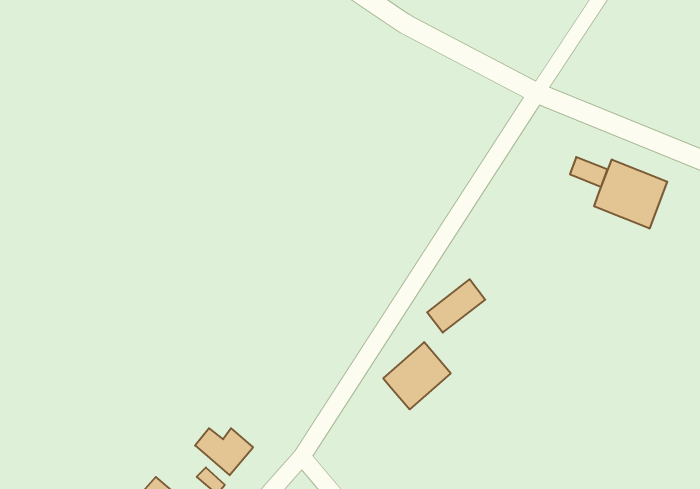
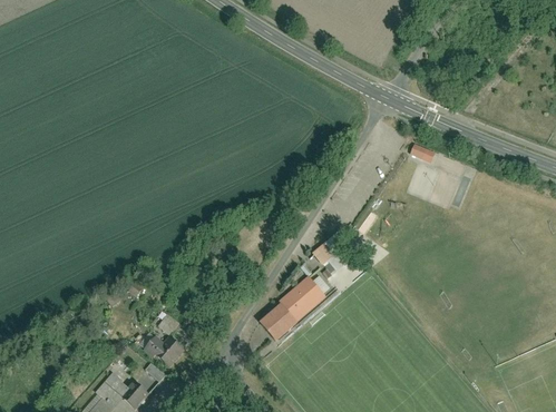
building: [594,159,667,229] -> none
building: none -> [262,304,297,340]

